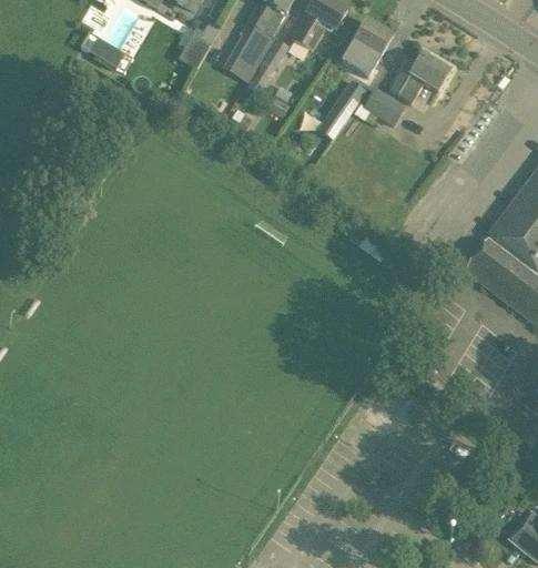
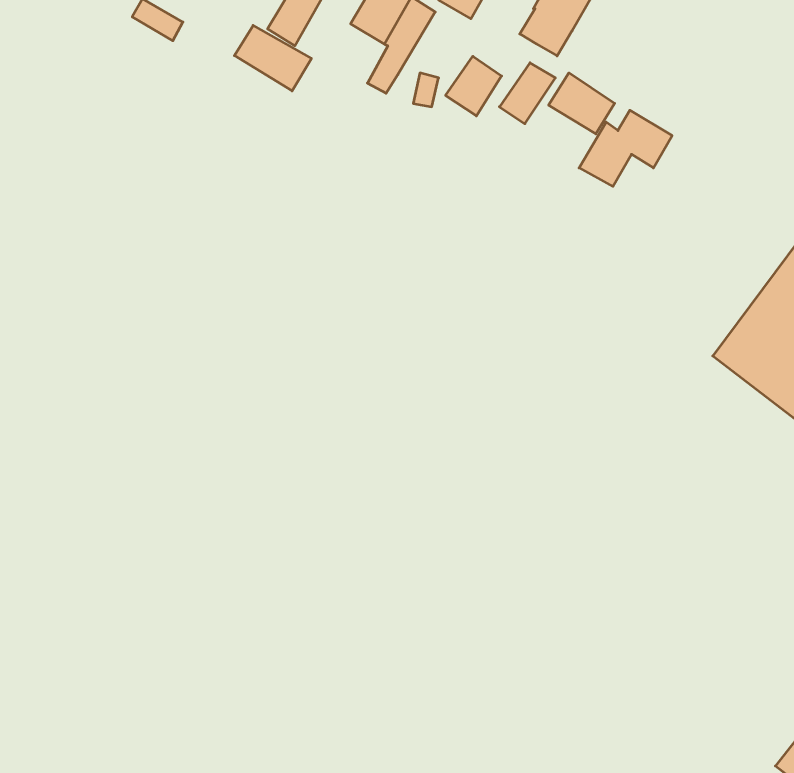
building: [388,52,449,102] -> [579,110,672,186]
building: none -> [234,25,311,91]
building: none -> [446,56,502,116]

